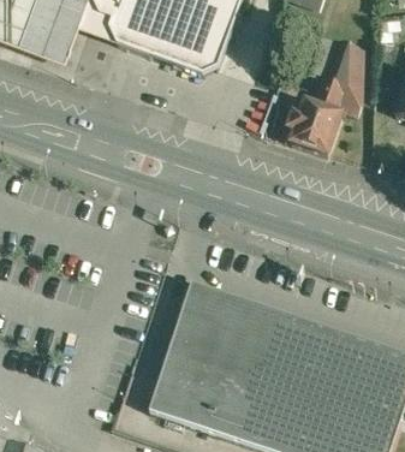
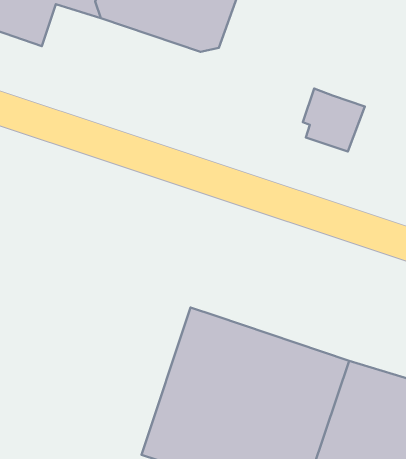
building: [312,38,361,113] -> none

